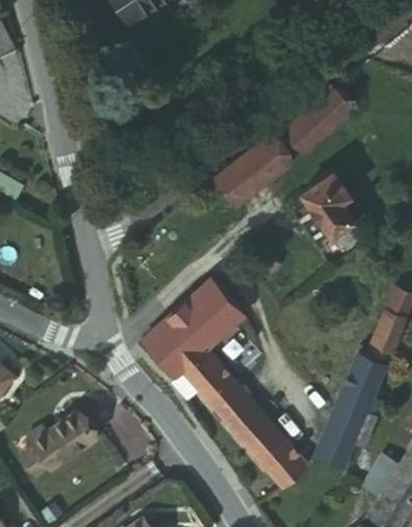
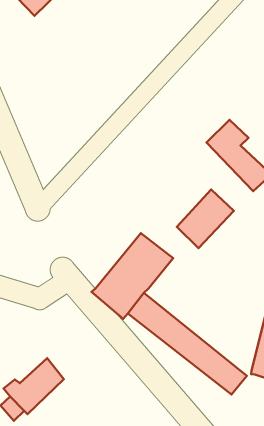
building: [285,92,353,155] -> none
building: [213,143,280,207] -> [177,190,234,248]
building: [201,351,312,490] -> none

